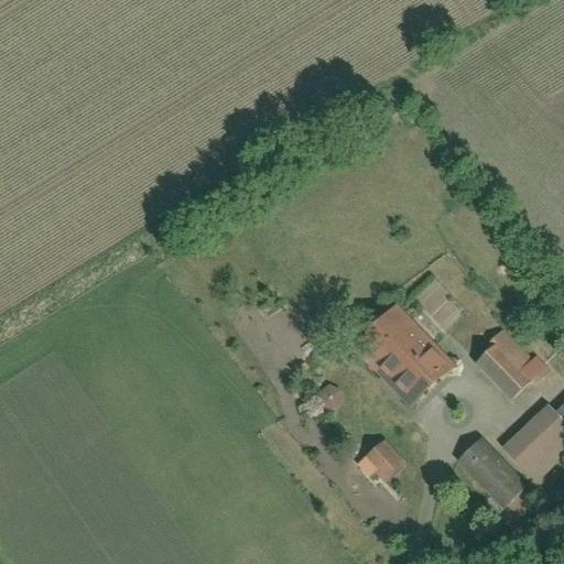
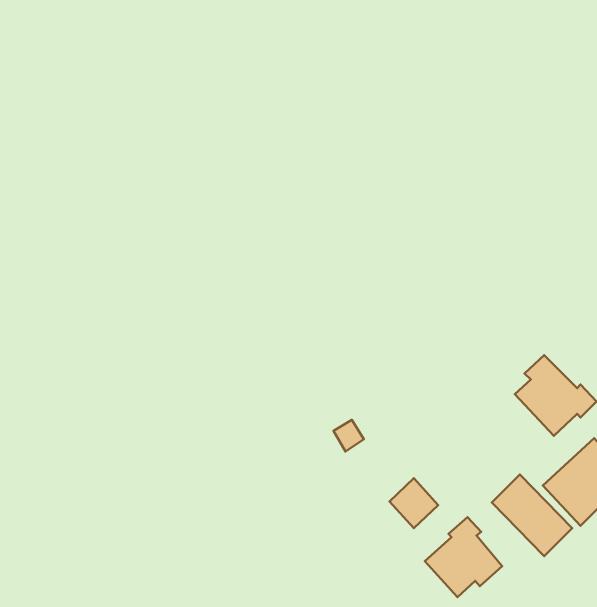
building: [349,301,456,408] -> none
building: none -> [425,517,502,597]

